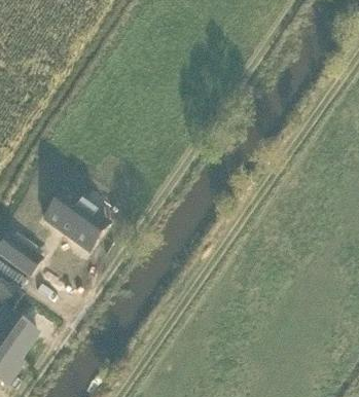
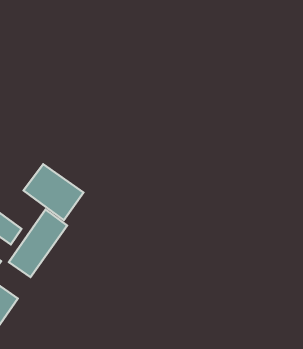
building: none -> [9,210,67,277]

